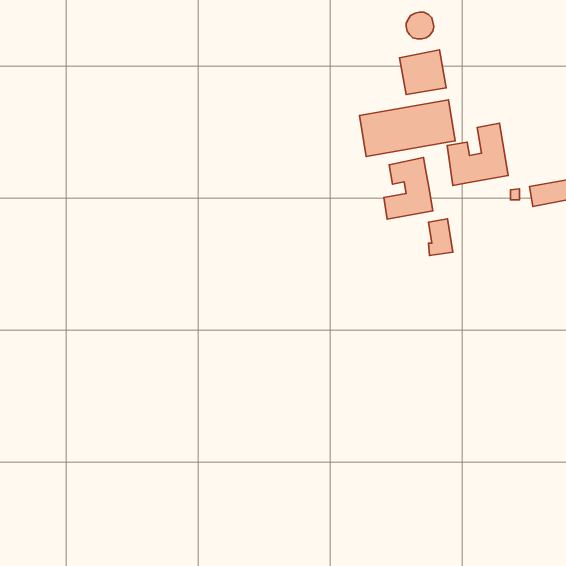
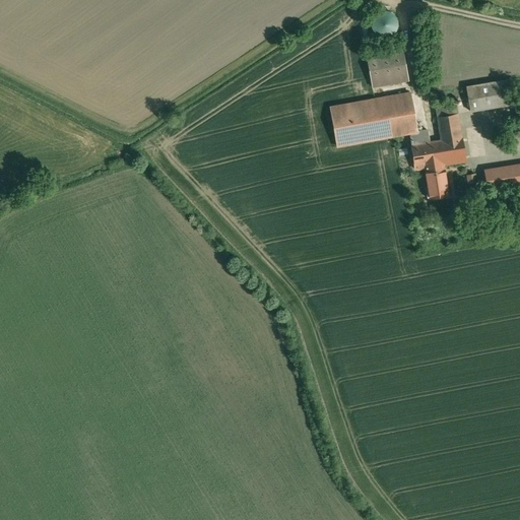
building: none -> [467,80,512,112]
building: [384,157,433,219] -> none
building: [428,219,453,255] -> [427,166,449,199]

